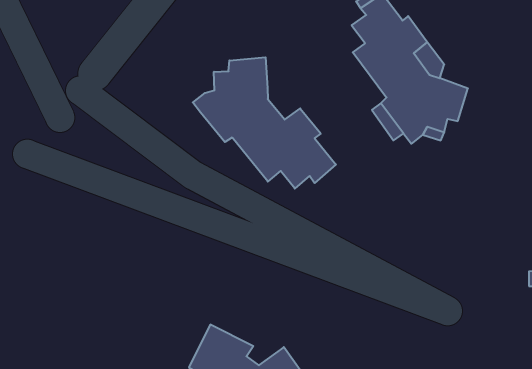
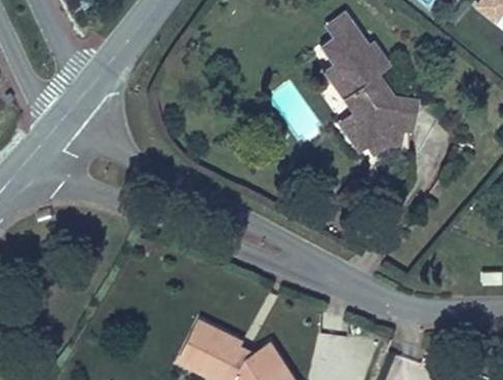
building: [193,57,336,189] -> none

